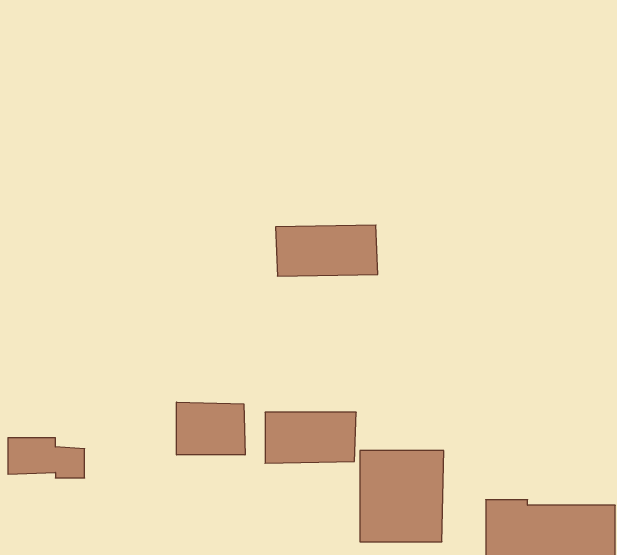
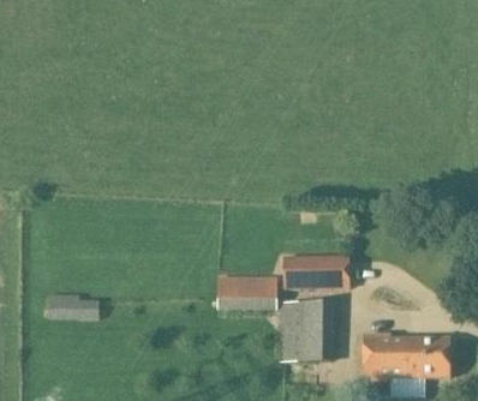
building: [276,225,378,276] -> [282,256,349,289]
building: [177,402,245,455] -> none

